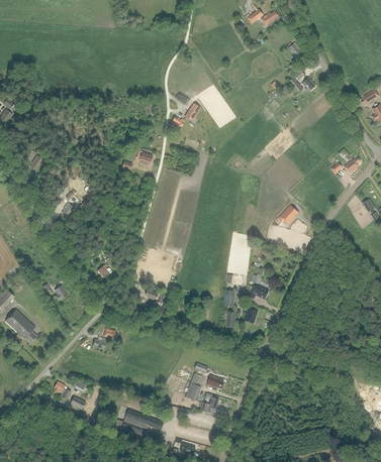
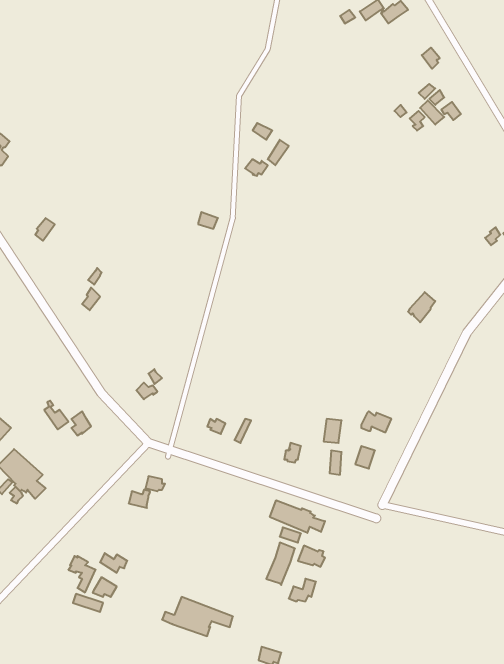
building: none -> [270,500,325,533]

